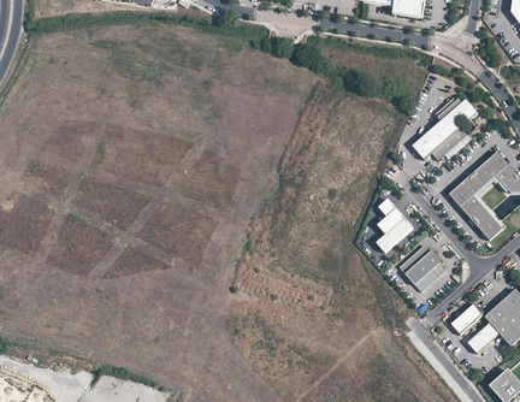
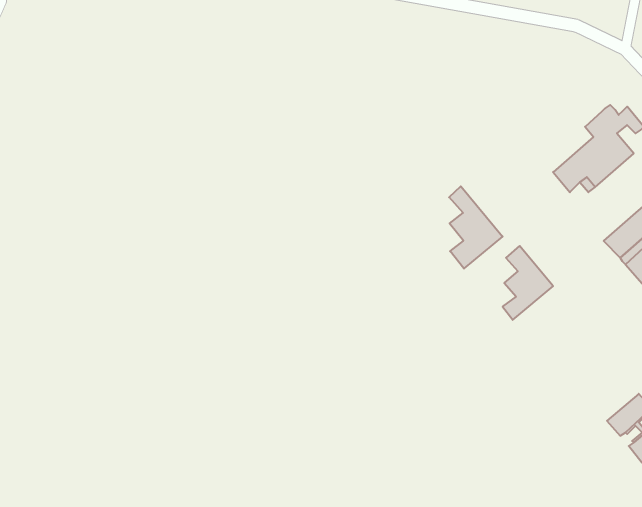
building: none -> [449,186,503,269]
building: [398,244,445,291] -> none

